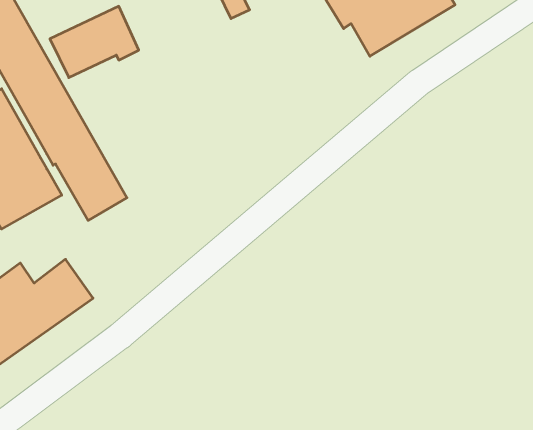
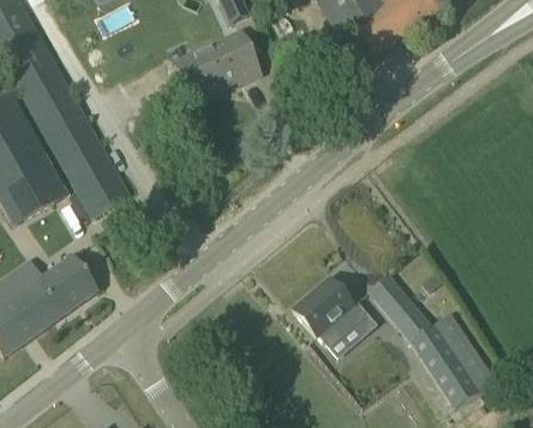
building: [50,6,139,78] -> [175,31,260,100]
building: none -> [367,273,495,408]
building: none -> [294,278,367,347]

